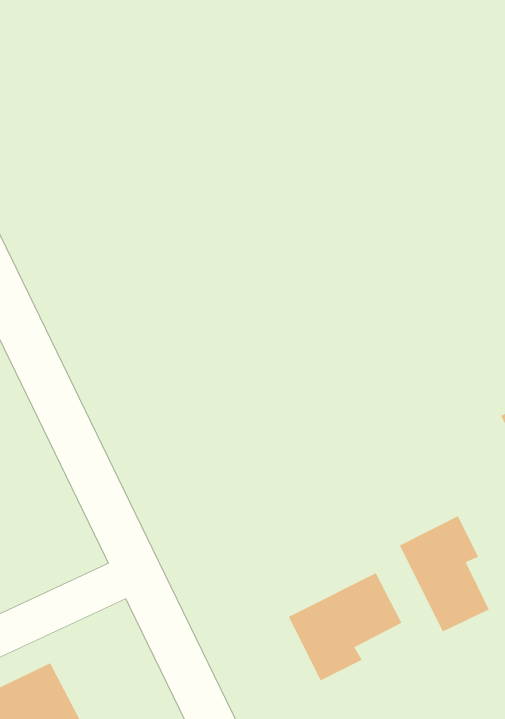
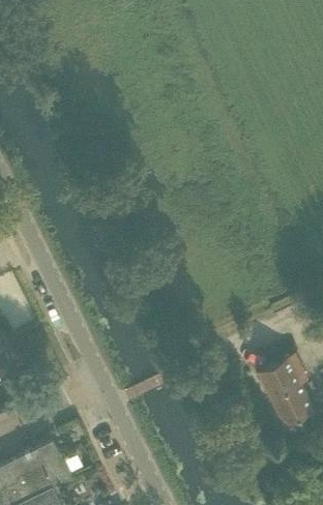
building: [288,572,403,681] -> none

